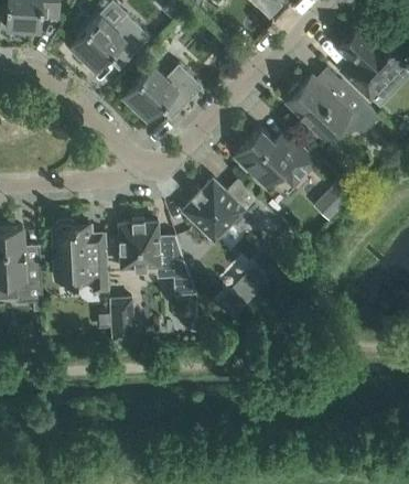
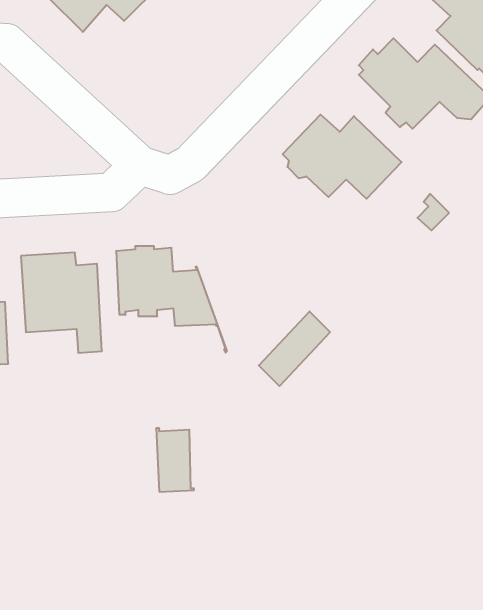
building: [121,64,202,120] -> none
building: [182,179,268,241] -> none
building: [108,298,134,342] -> [156,428,194,492]

